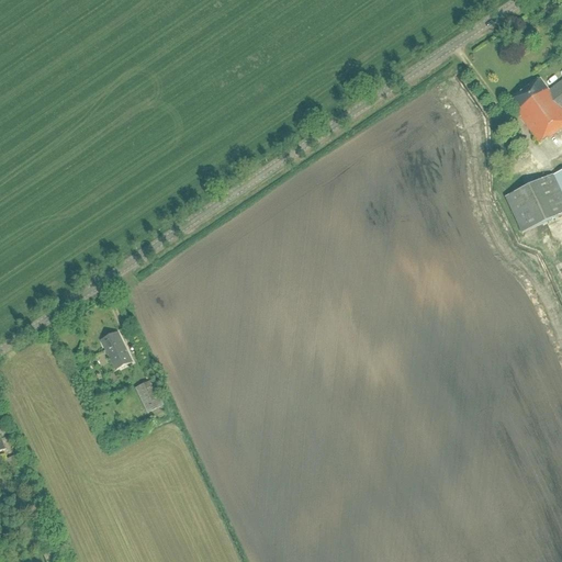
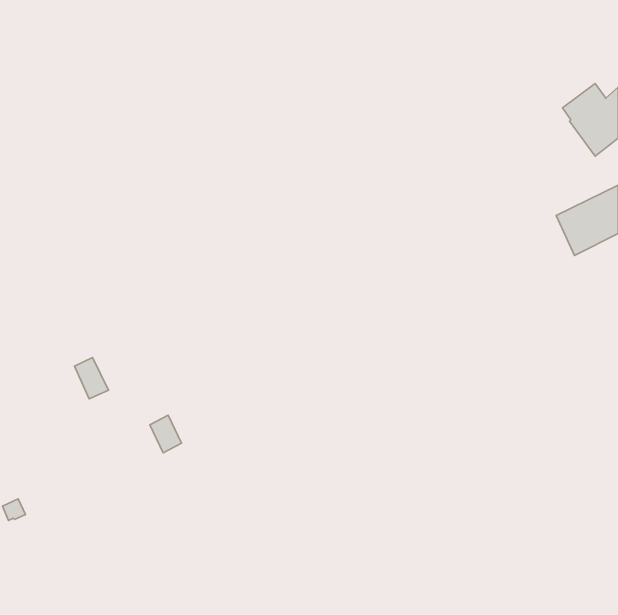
building: [102,330,133,368] -> [75,358,108,399]

